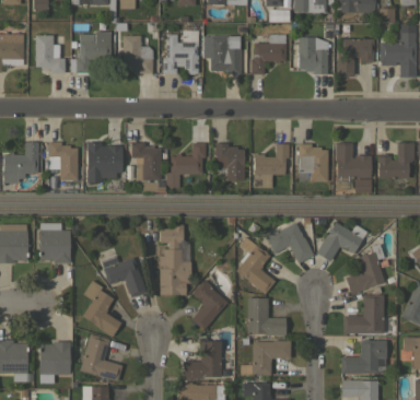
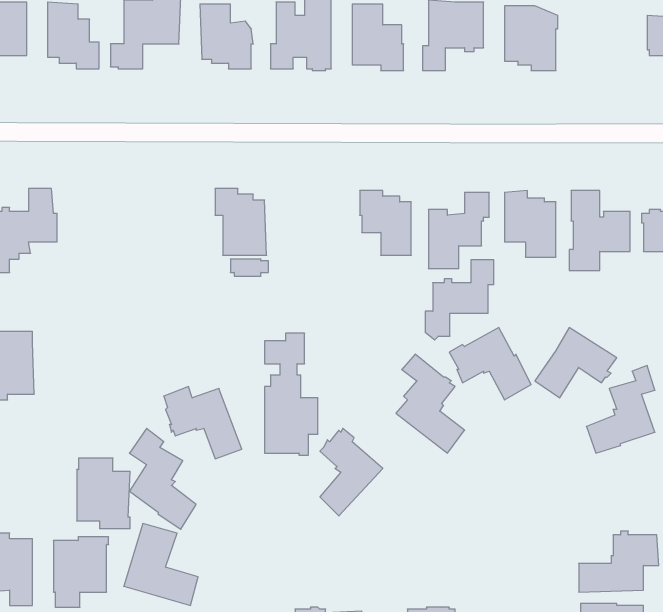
building: [338,39,374,77] -> none
building: [48,142,78,179] -> none
building: [88,142,122,183] -> none
building: [166,143,206,189] -> [425,260,494,340]
building: [40,223,71,263] -> [77,458,130,529]
building: [345,294,384,334] -> none
building: [248,298,285,336] -> none
building: [184,341,222,378] -> none
building: [241,341,291,376] -> none

